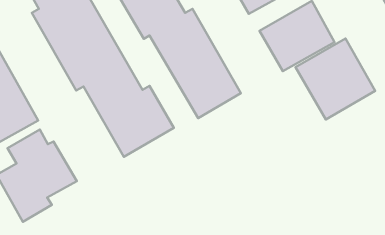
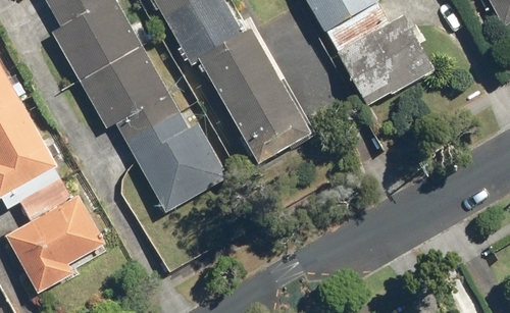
building: [295,38,375,119] -> none

